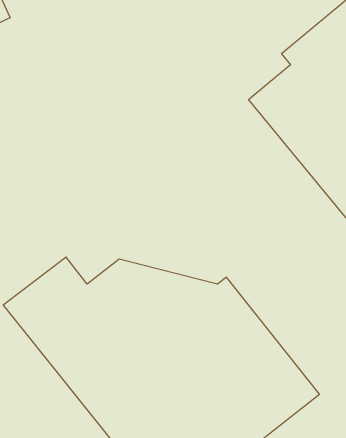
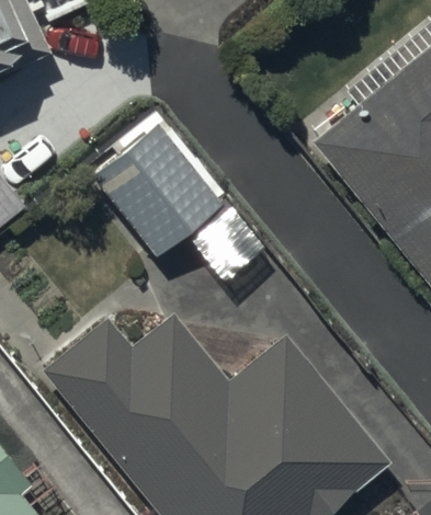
building: none -> [87,113,228,255]

